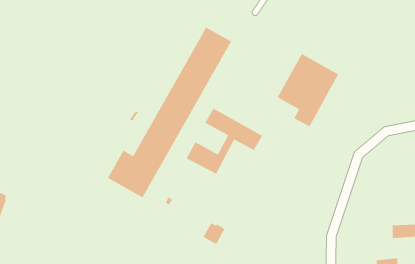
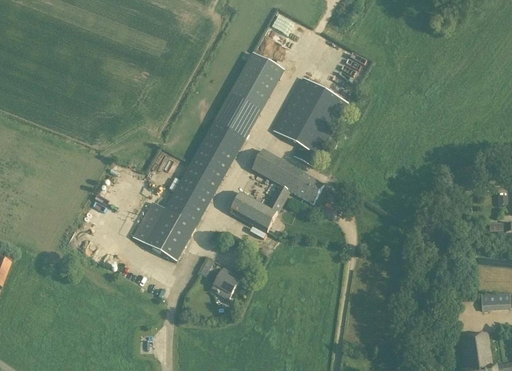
building: [277,53,339,128] -> [271,75,347,166]
building: [203,222,226,245] -> [210,269,238,297]

